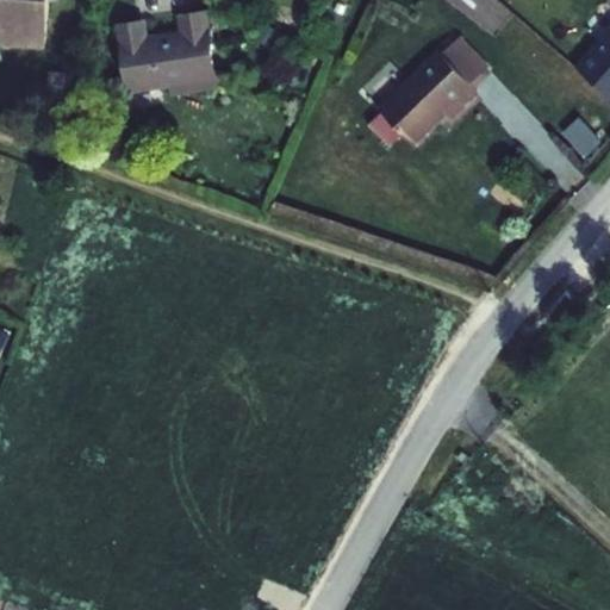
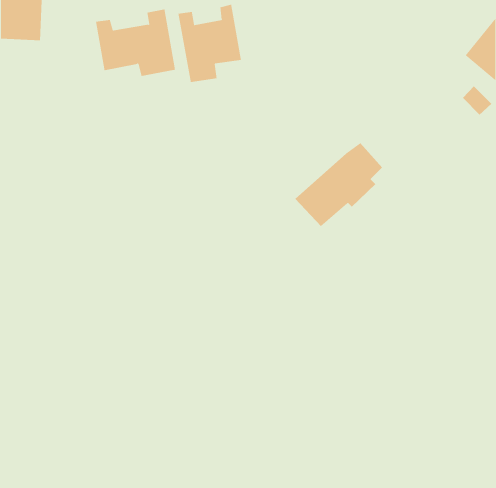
building: none -> [178,4,241,83]
building: [376,39,485,143] -> [295,142,383,227]

